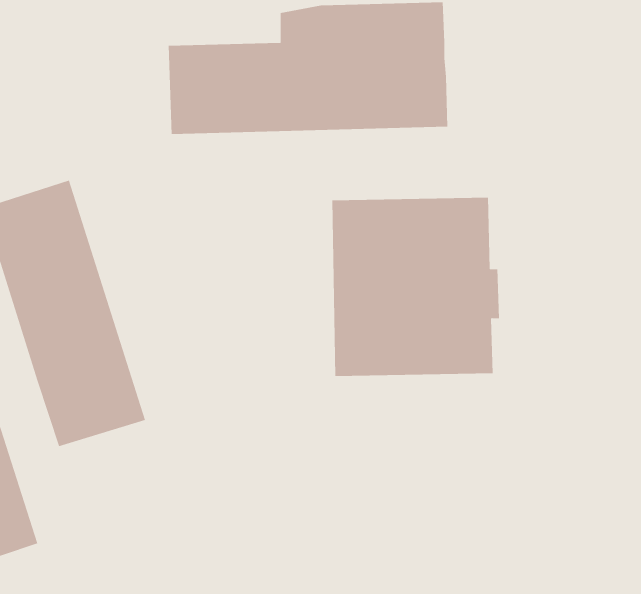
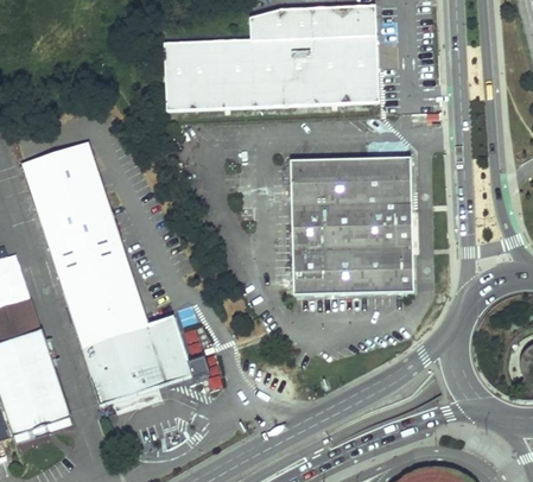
building: none -> [81,317,208,405]

